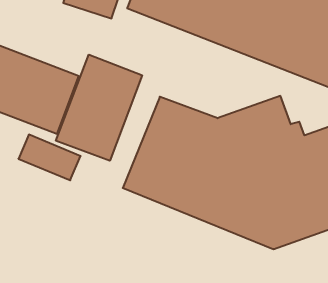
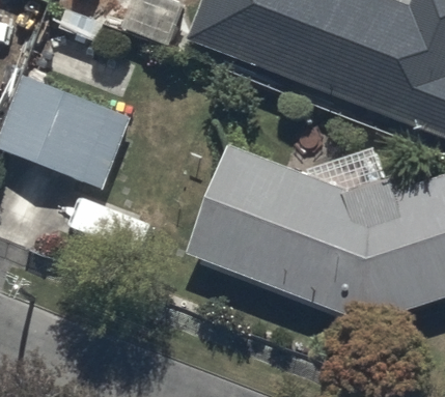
building: [56,55,142,161] -> none

